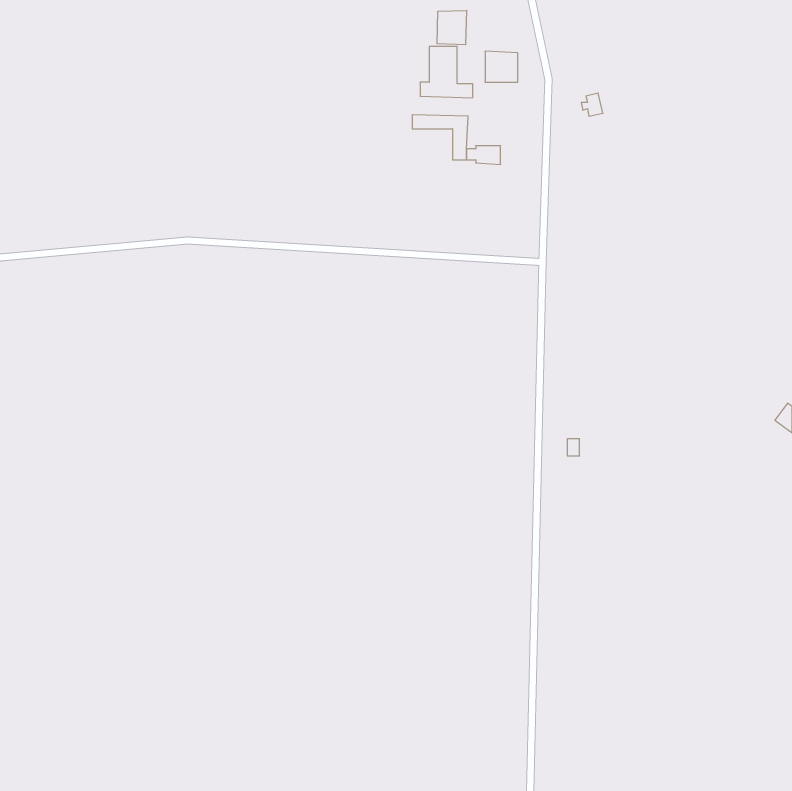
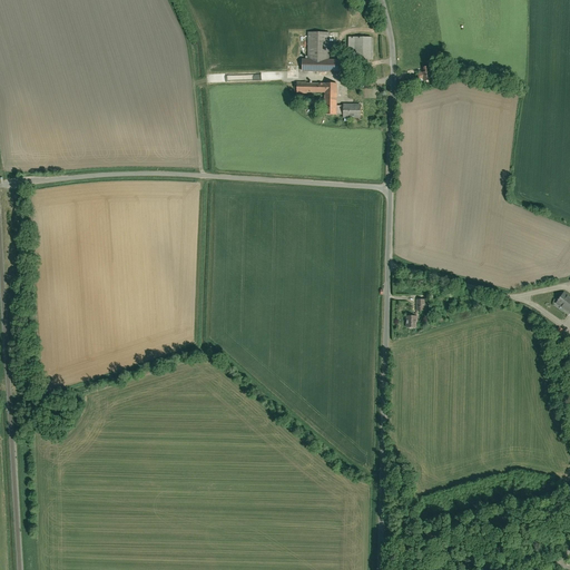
building: [437,10,467,45] -> none

